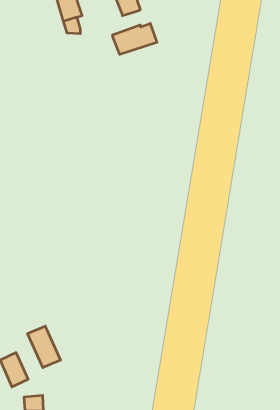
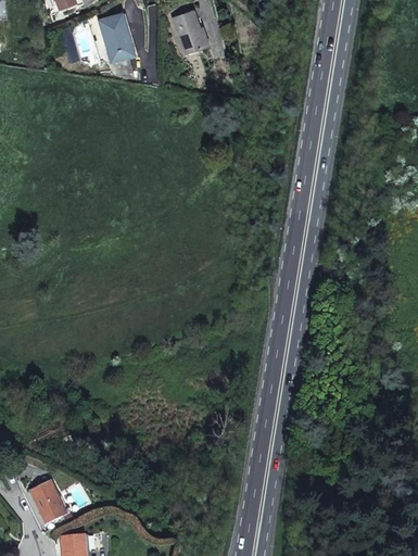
building: [113,23,157,54] -> none
building: [28,326,61,368] -> none

